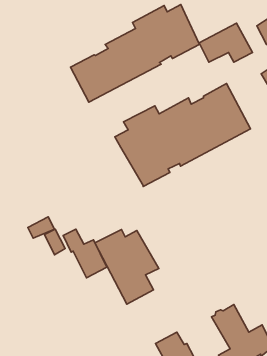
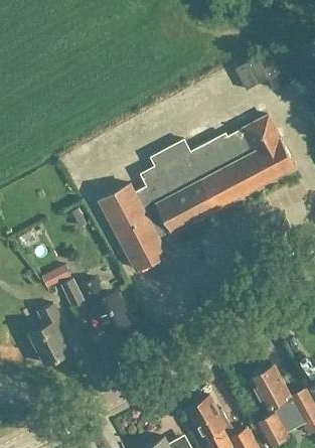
building: [70,4,200,102] -> none
building: [95,230,159,304] -> [100,185,172,270]
building: none -> [30,304,69,364]

